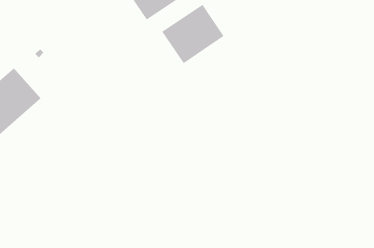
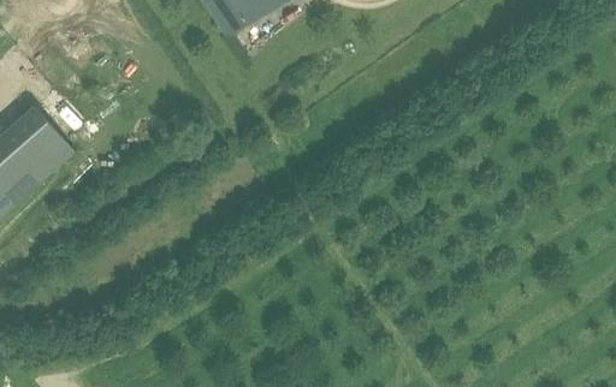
building: [161,4,224,64] -> none

